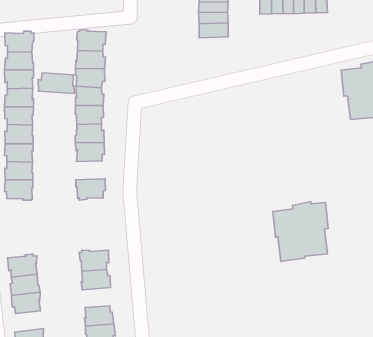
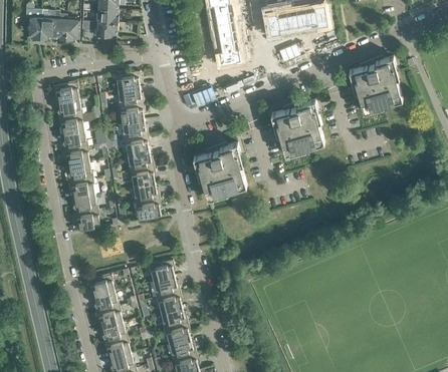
building: [38,73,75,94] -> none
building: none -> [192,142,245,200]
building: none -> [132,183,159,204]
building: [273,201,328,261] -> [270,99,323,156]
building: none -> [155,292,182,313]
building: none -> [99,322,127,344]

